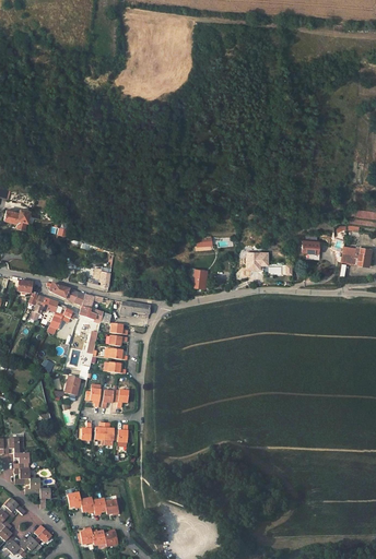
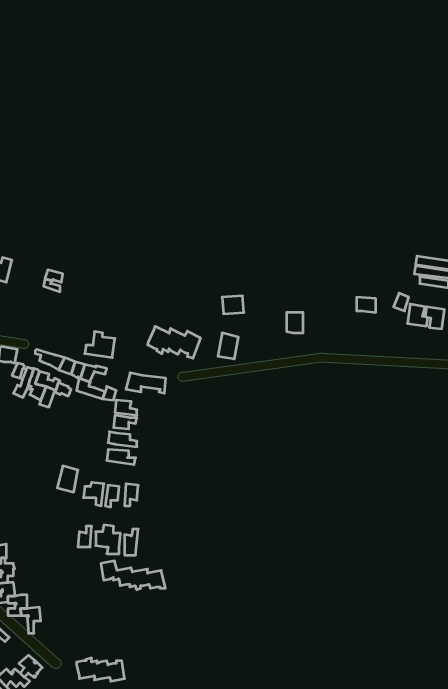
building: none -> [148,326,200,358]
building: [67,491,118,514] -> [101,561,165,590]

